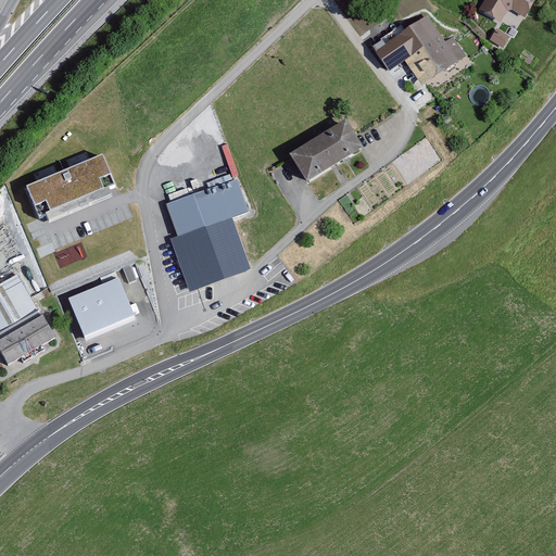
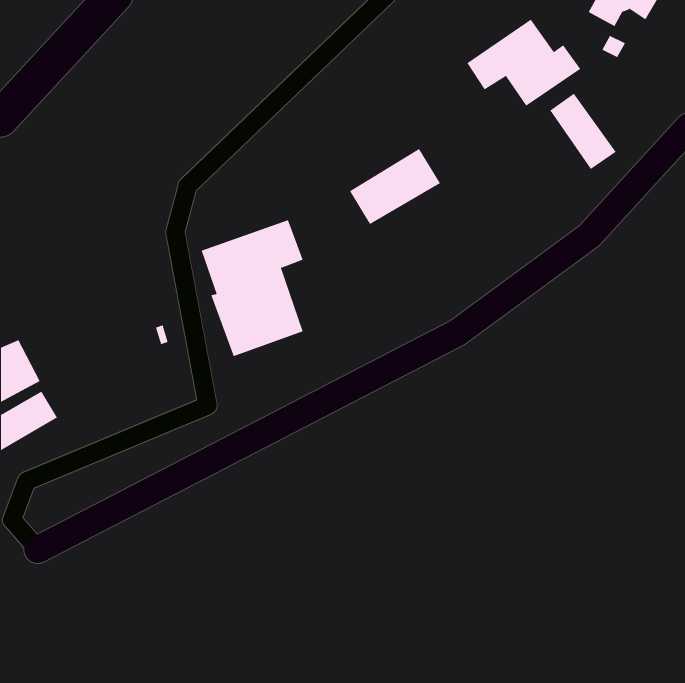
building: none -> [550,93,616,170]
building: [28,157,117,219] -> none
building: [66,278,130,334] -> none

